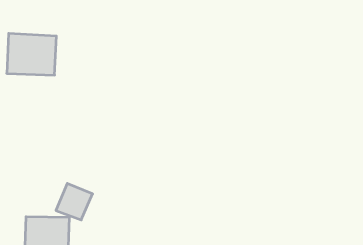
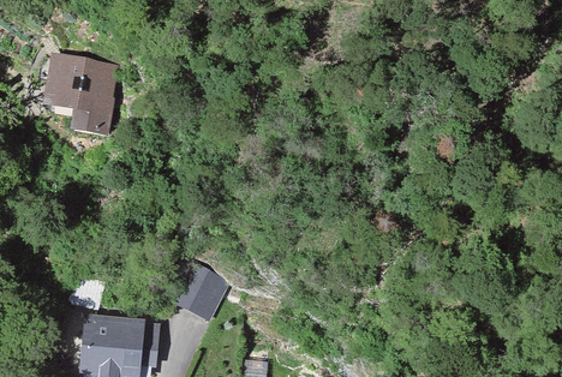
building: [56,183,93,220] -> [181,270,232,321]

